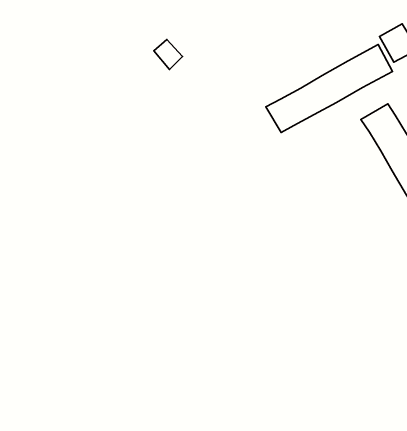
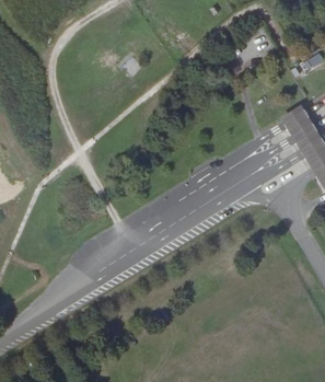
building: [266,44,393,133] -> none

